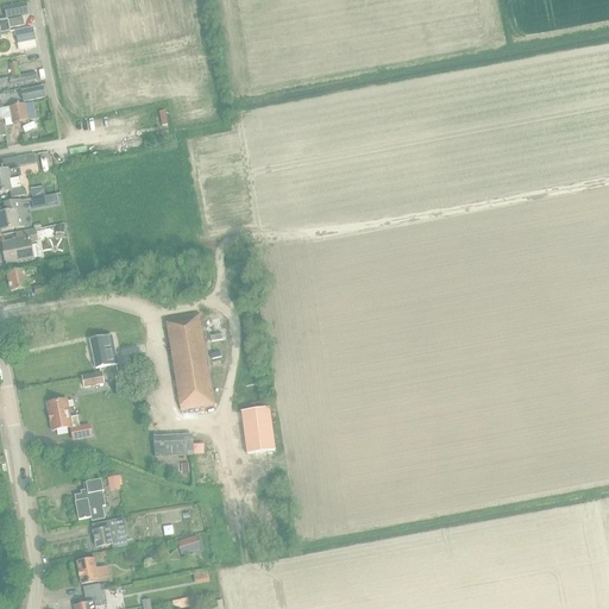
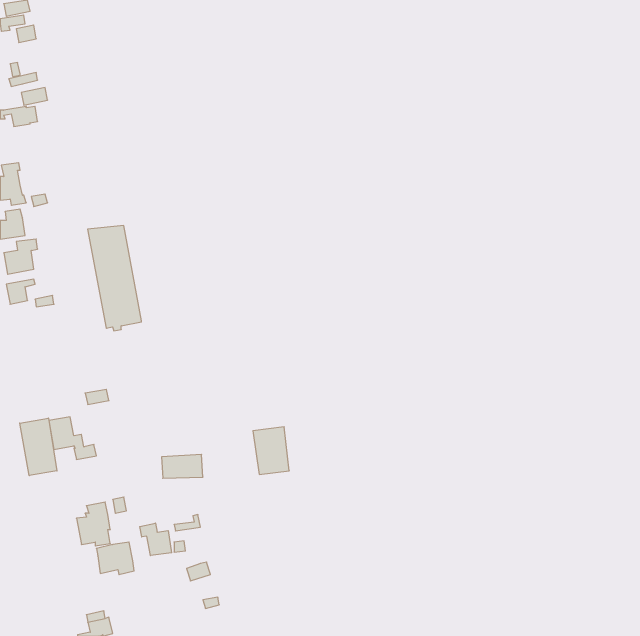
building: [163,310,214,410] -> [88,226,141,331]
building: [90,333,118,365] -> none
building: none -> [20,418,57,476]
building: none -> [140,523,172,556]
building: [76,557,109,582] -> none

